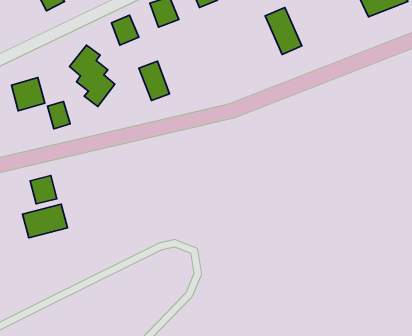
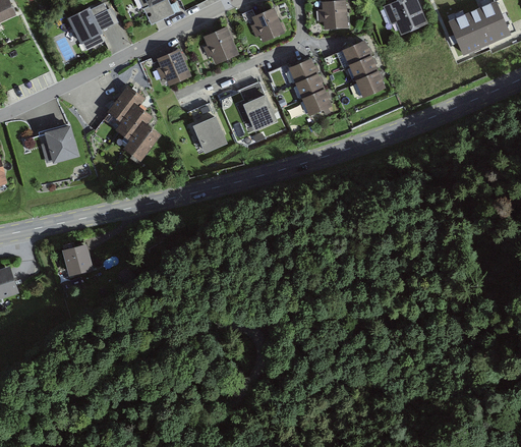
building: none -> [287,58,330,115]
building: none -> [240,86,277,131]
building: [47,101,70,129] -> none
building: [22,204,67,238] -> none

